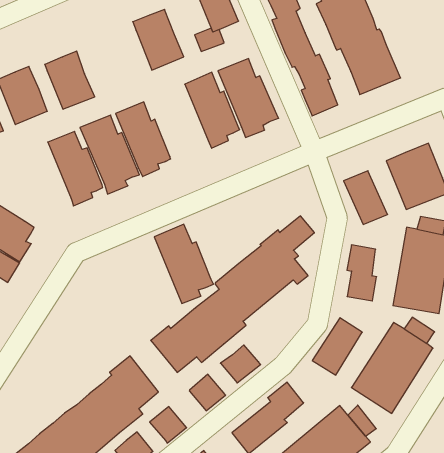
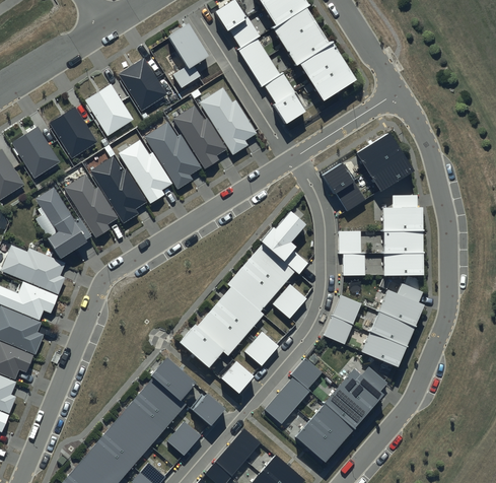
building: none -> [85,83,133,135]
building: none -> [36,187,91,259]
building: [154,224,214,303] -> [144,121,202,189]
building: none -> [273,284,306,319]

